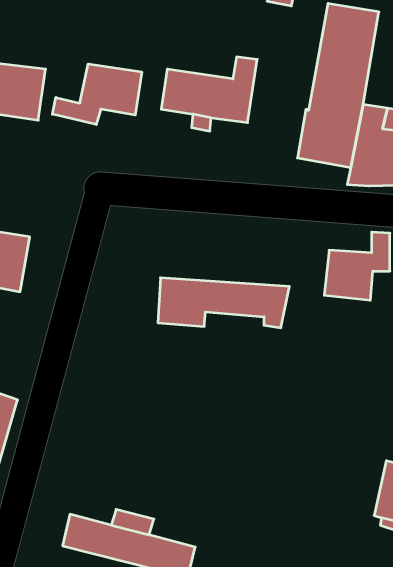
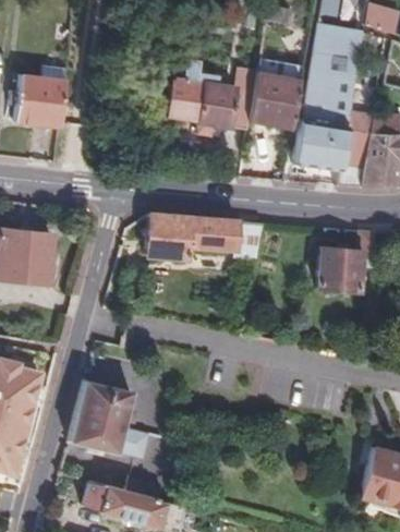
building: none -> [250,74,303,130]
building: [52,64,142,125] -> none
building: [158,278,289,328] -> [146,215,264,259]
building: none -> [70,382,149,457]

